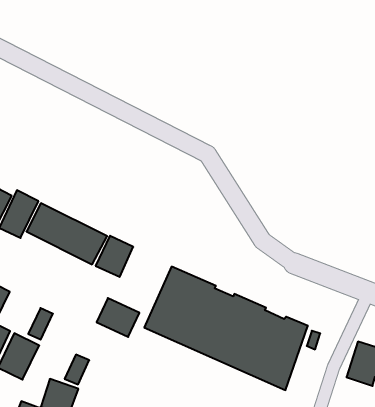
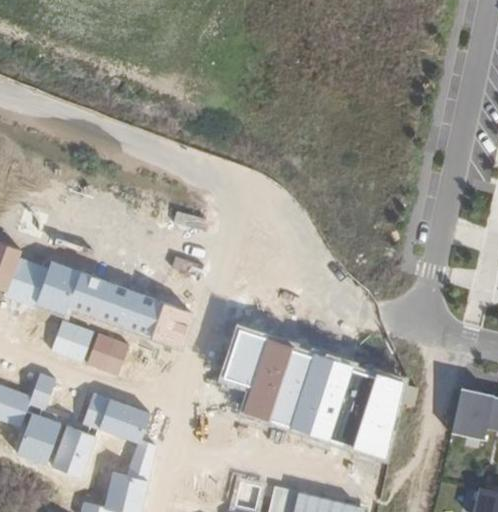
building: none -> [51,320,94,363]
building: none -> [87,333,130,376]
building: [97,298,139,337] -> [100,399,148,441]

